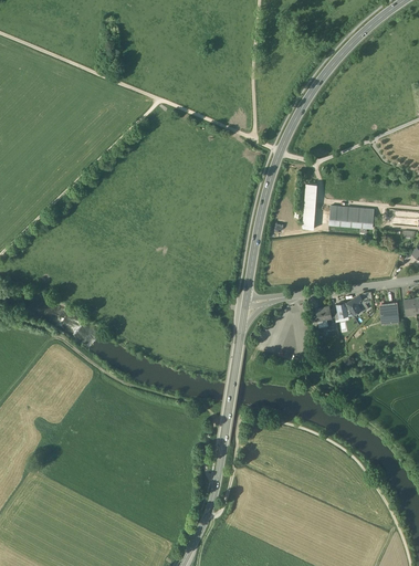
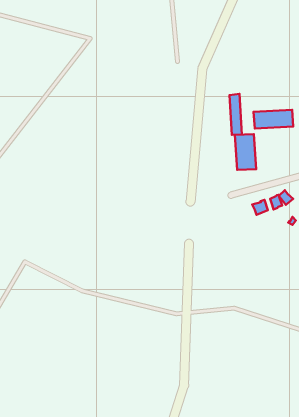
building: none -> [235,134,256,170]

